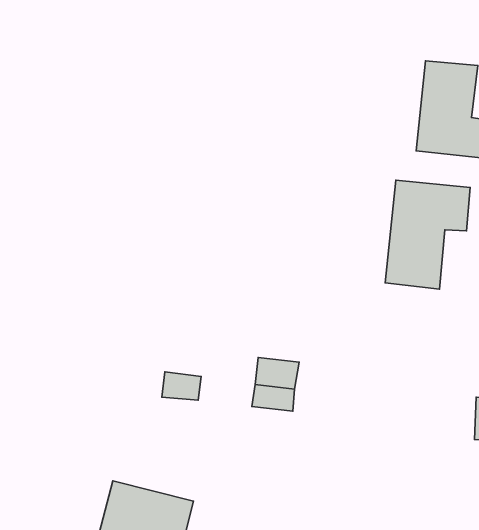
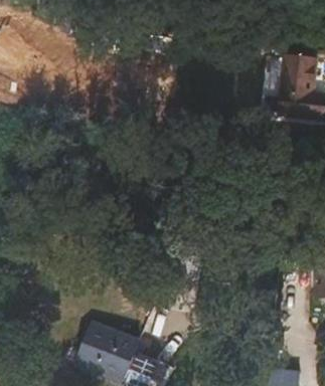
building: [385,180,470,289] -> none

